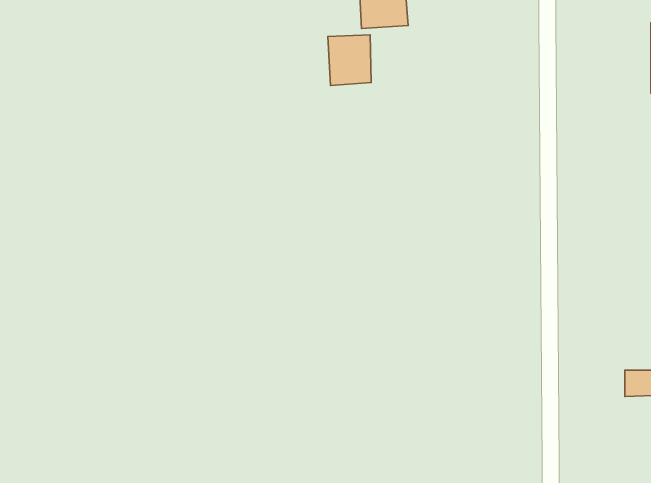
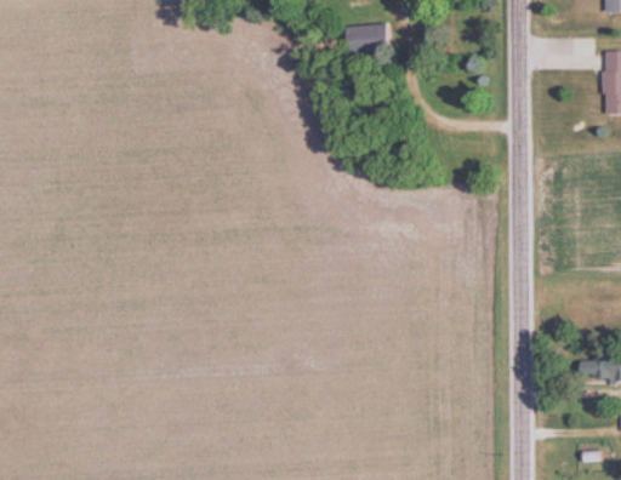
building: [328,35,371,86] -> none

